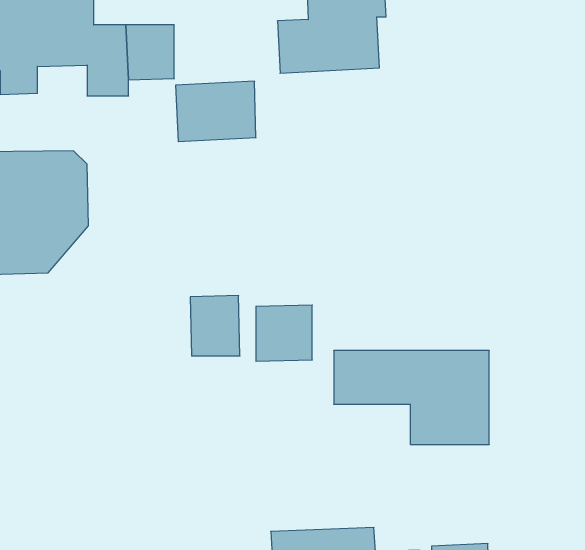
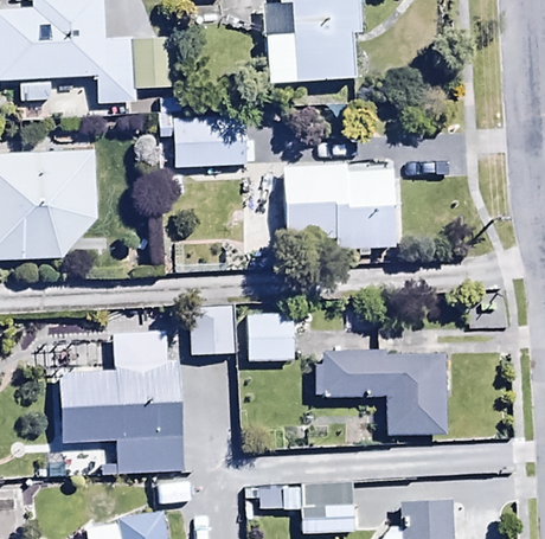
building: none -> [284,167,395,250]
building: none -> [57,347,185,476]

